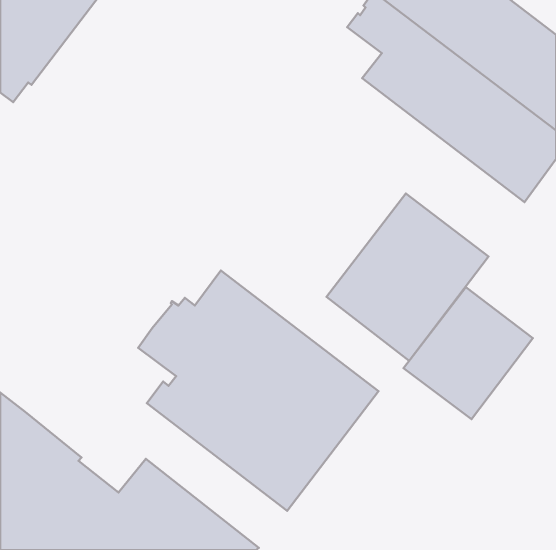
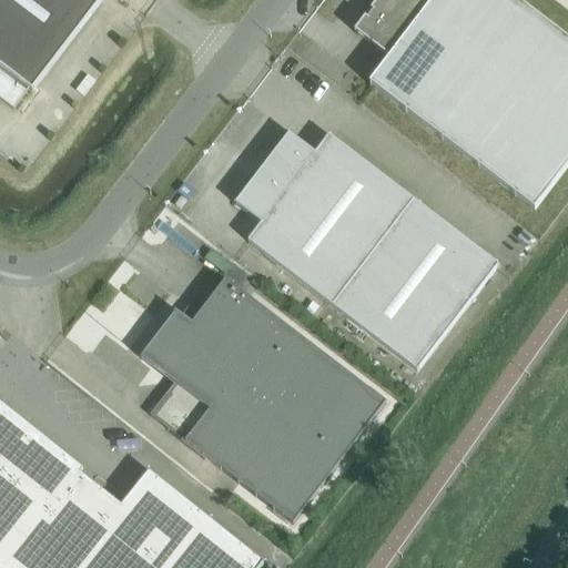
building: none -> [235,130,414,303]
building: [404,287,533,419] -> none

